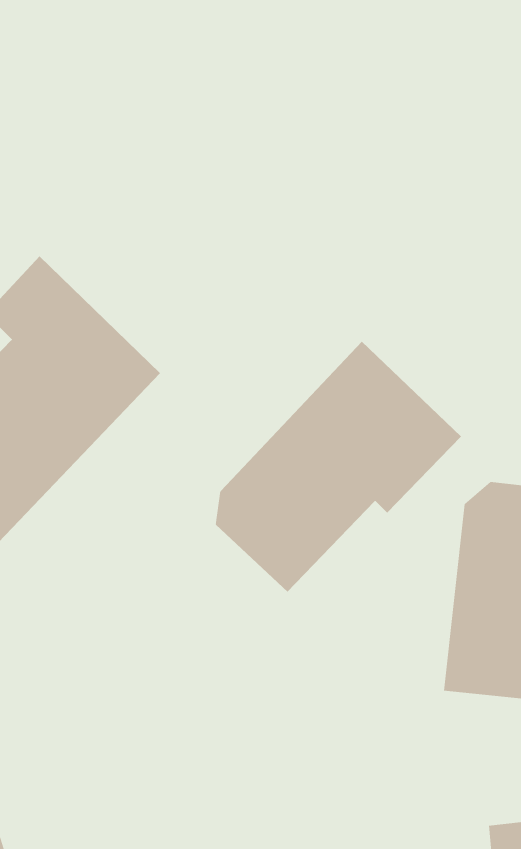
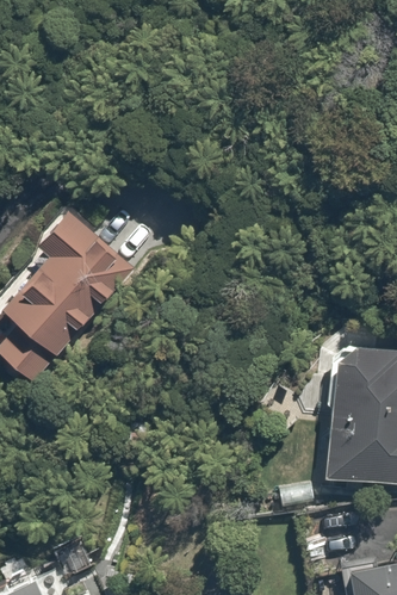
building: [215,341,462,592] -> none

